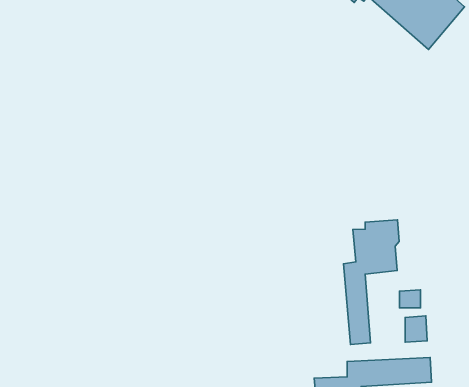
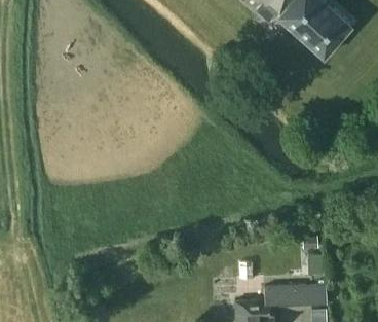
building: [344,220,399,345] -> none

